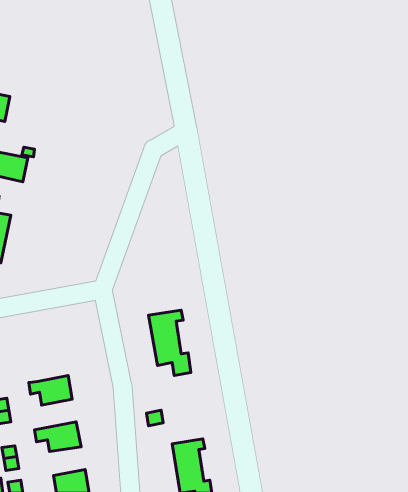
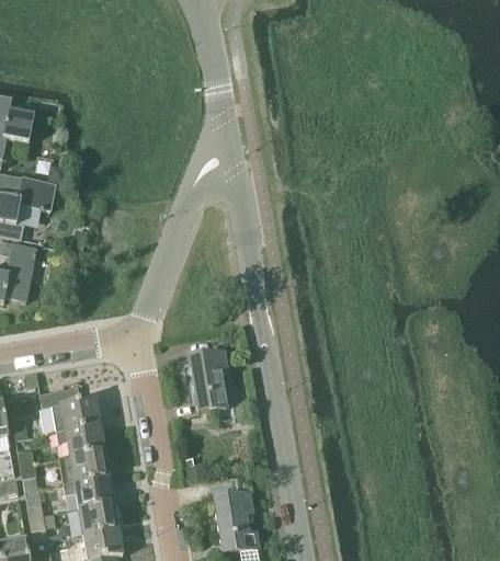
building: none -> [39,388,100,432]
building: none -> [58,450,109,484]
building: none -> [79,503,118,535]

